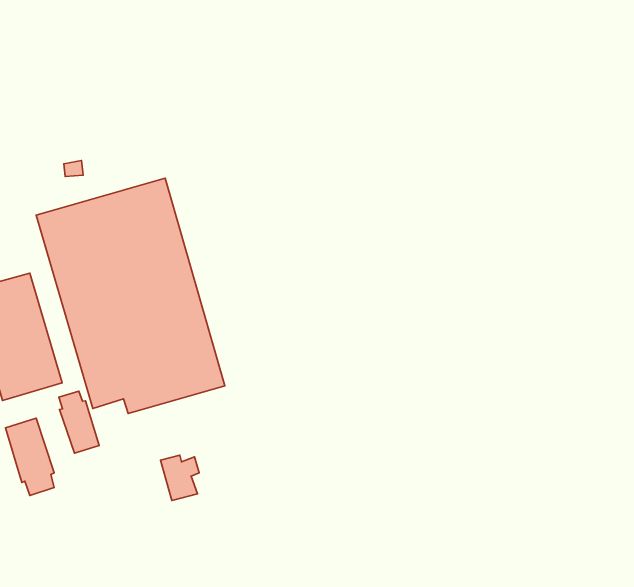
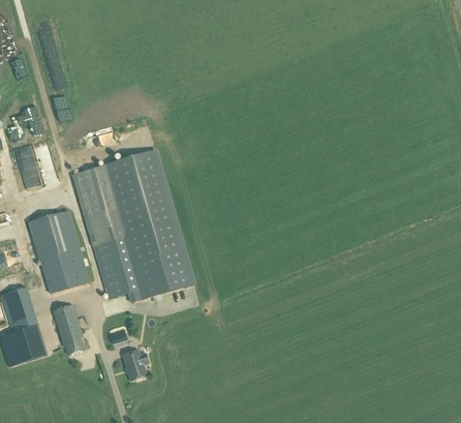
building: [59,391,99,453] -> none
building: [160,455,199,500] -> [123,350,148,379]

